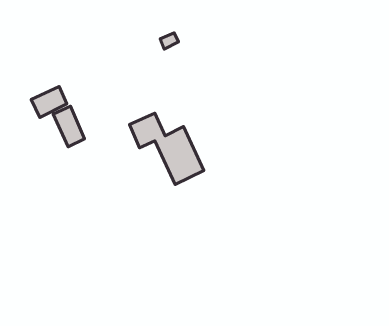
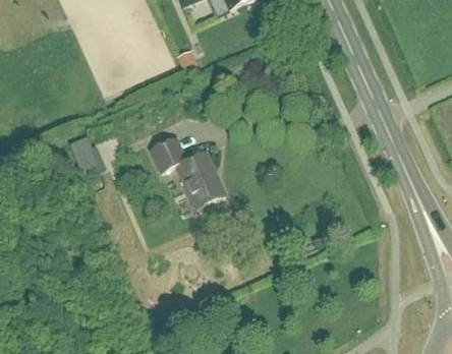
building: [31,86,67,118] -> none

